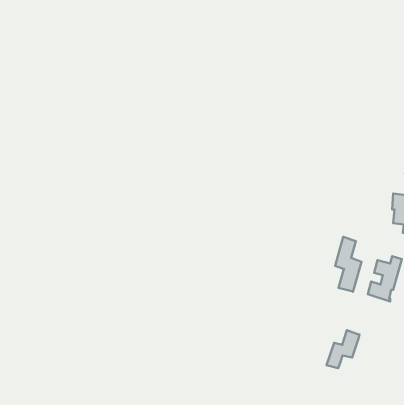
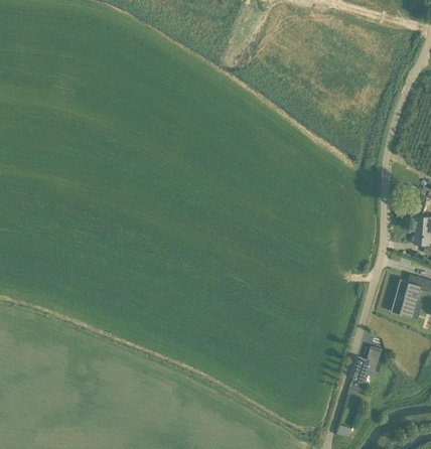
building: [335,237,361,292] -> none

